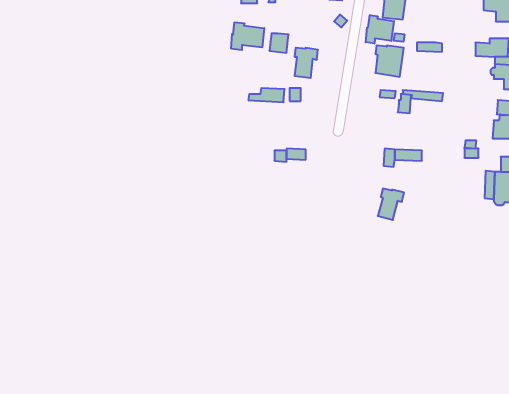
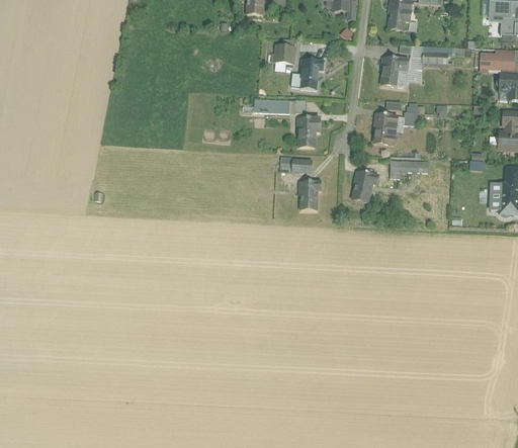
building: [366,15,394,44] -> none
building: [231,22,264,50] -> none
building: none -> [374,113,398,145]
building: none -> [297,117,320,147]
building: none -> [298,180,322,209]
building: [378,189,404,220] -> [352,171,378,202]

